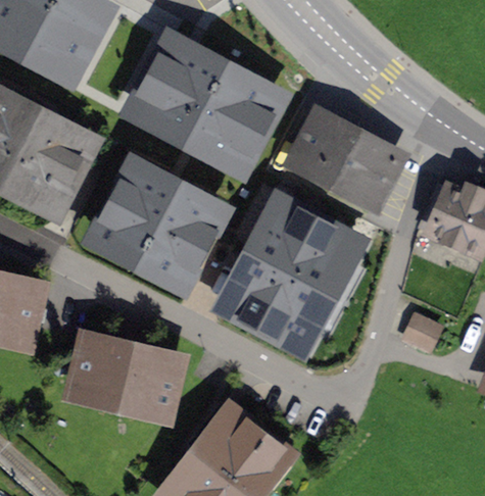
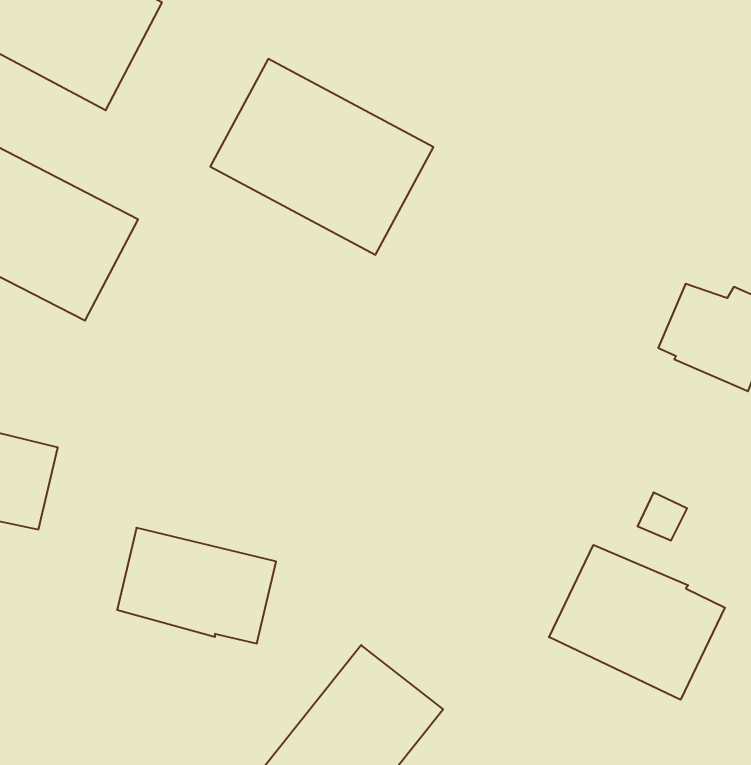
building: [297,117,398,201] -> none
building: [98,167,220,282] -> none
building: [228,204,355,344] -> none
building: none -> [549,545,725,700]

